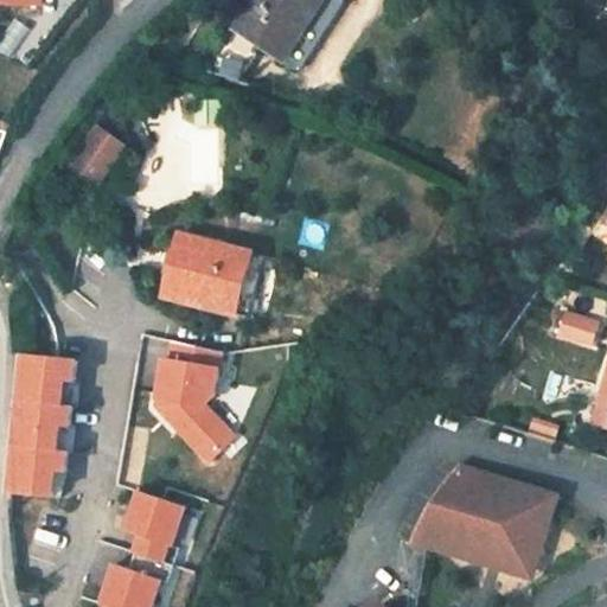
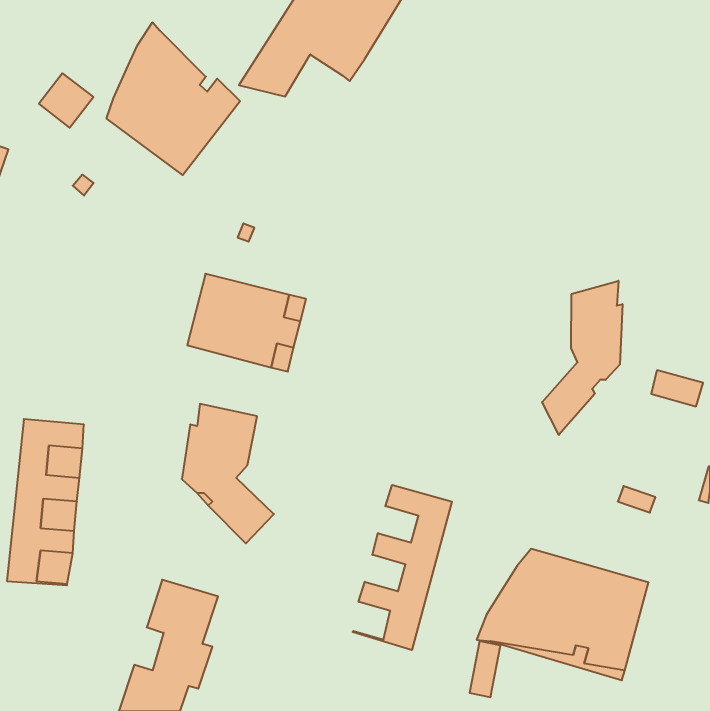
building: none -> [107,22,240,175]
building: [71,120,117,166] -> [39,73,93,128]
building: none -> [542,281,622,435]
building: none -> [353,485,452,650]

